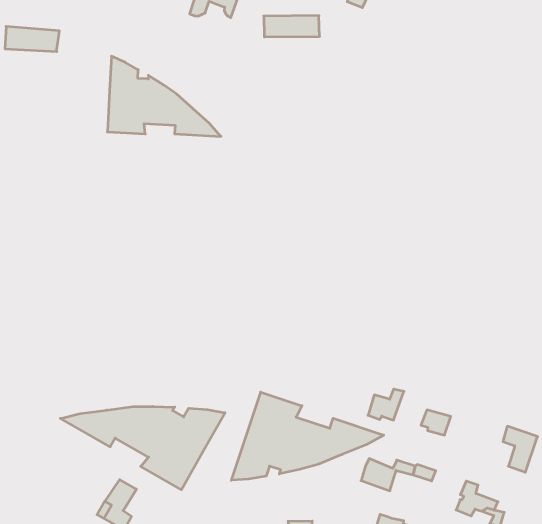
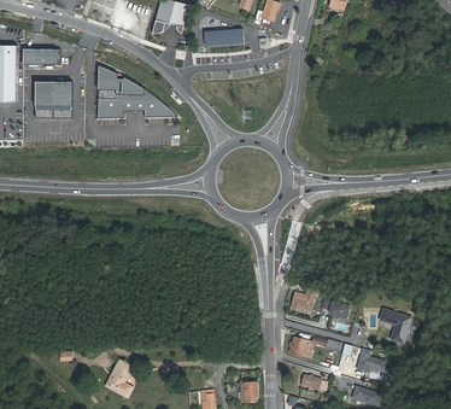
building: none -> [36,81,74,118]
building: [231,392,384,480] -> none
building: [60,406,225,490] -> none

